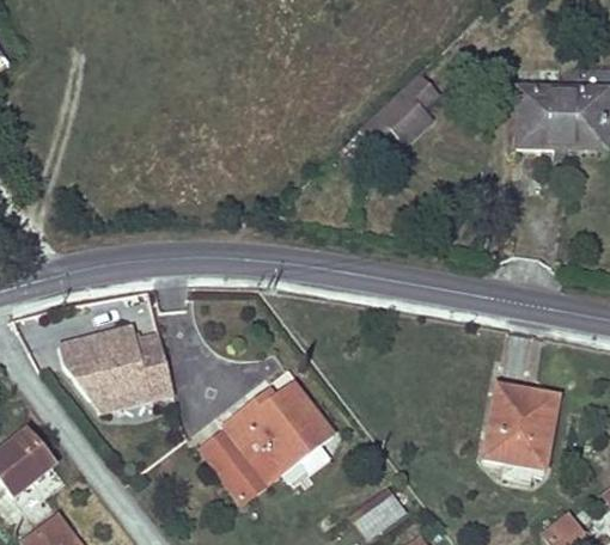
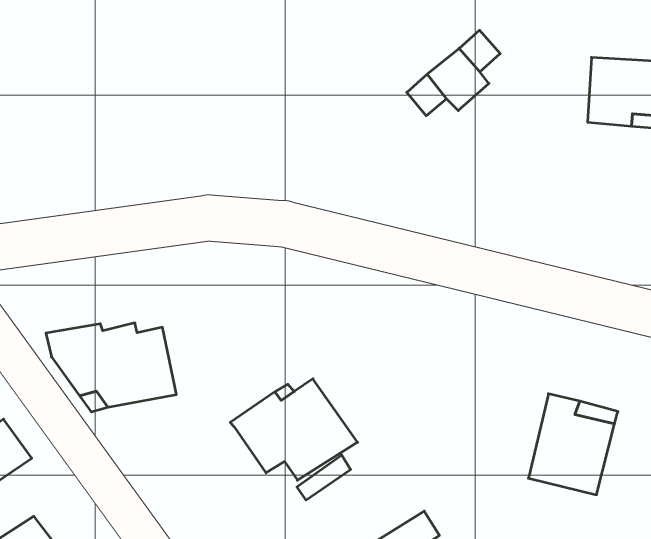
building: [203,425,285,497] -> none

